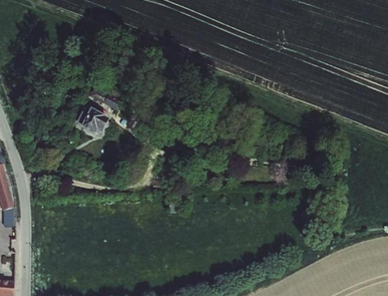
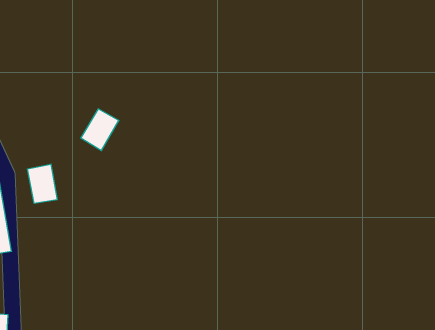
building: none -> [28,164,57,203]

